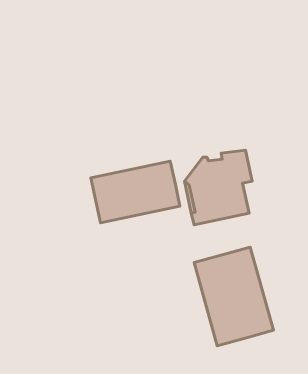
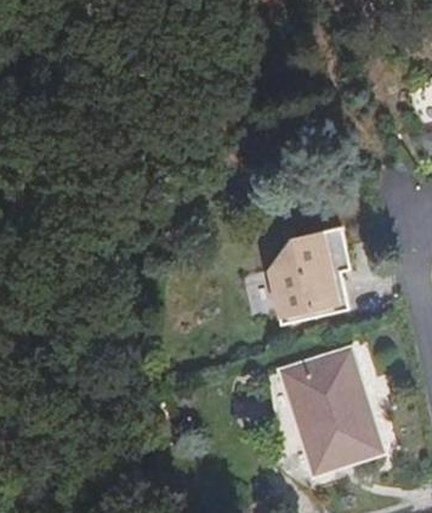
building: [91,161,180,223] -> none

